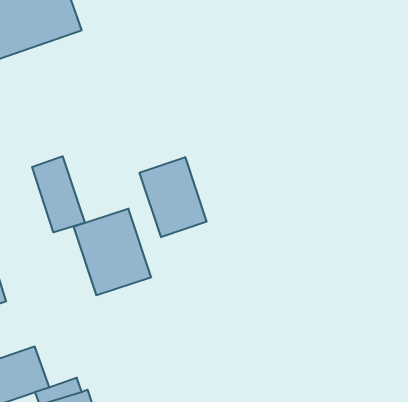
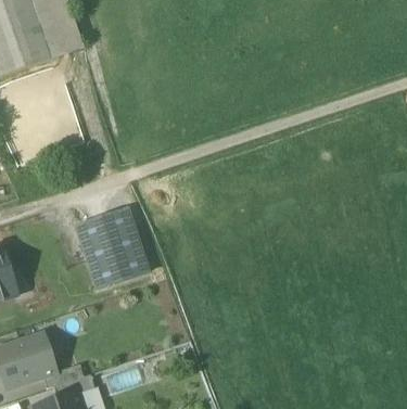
building: [32,156,85,232] -> none
building: [140,157,207,237] -> none

